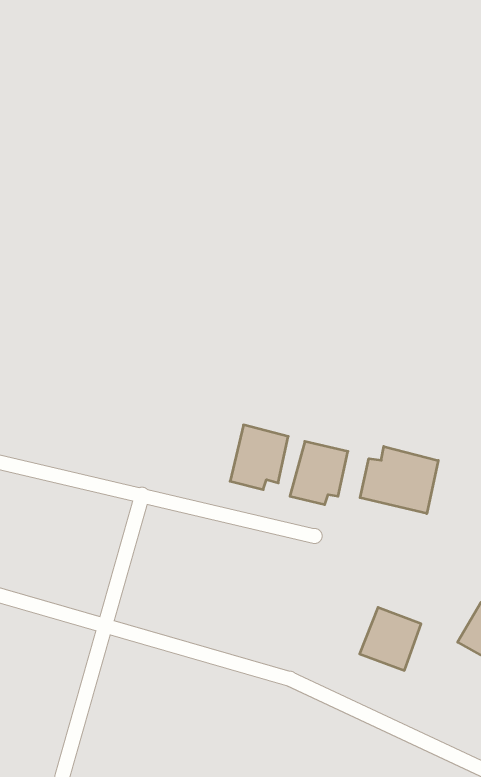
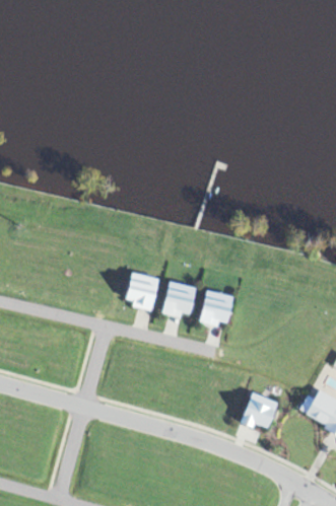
building: none -> [126,271,161,311]
building: [360,446,438,514] -> none

